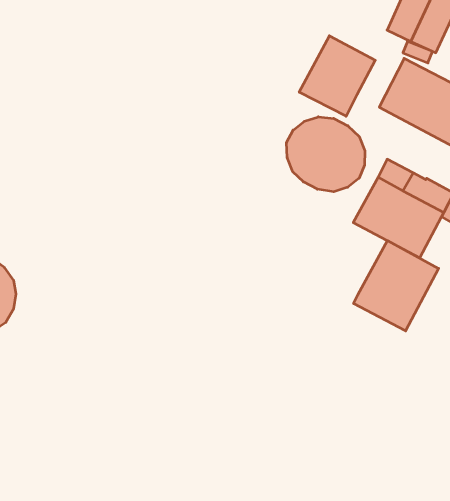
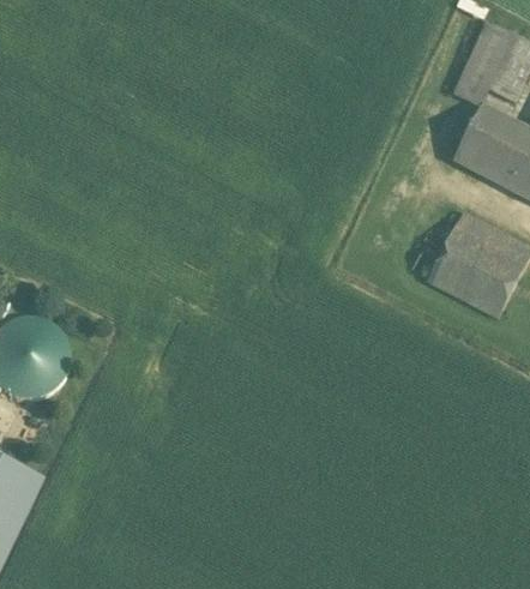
building: [299,36,375,116] -> none
building: [287,117,365,192] -> none
building: [354,241,439,331] -> none

